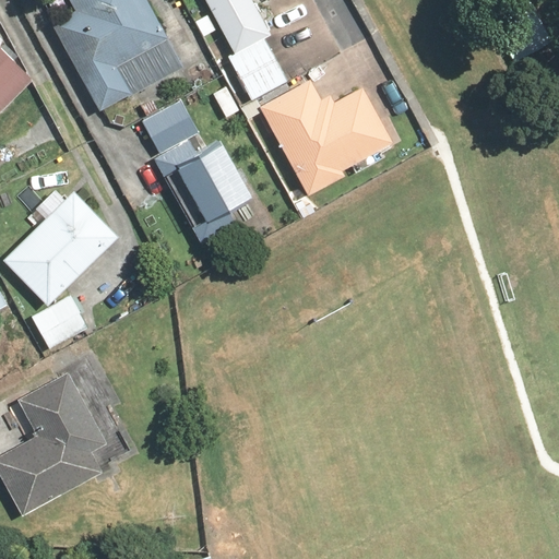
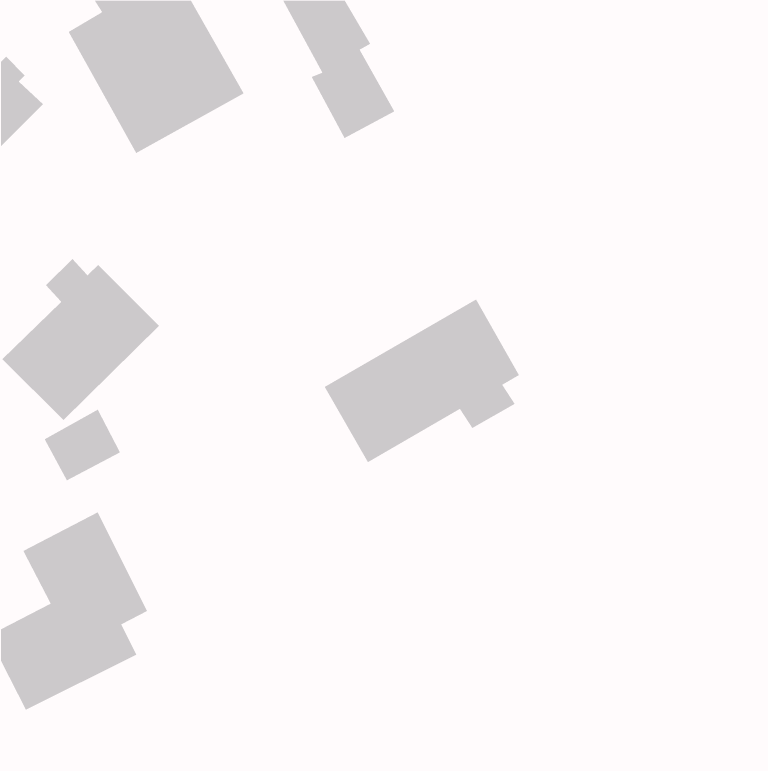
building: [261,80,392,194] -> none
building: [144,99,250,239] -> none
building: none -> [324,299,520,463]

